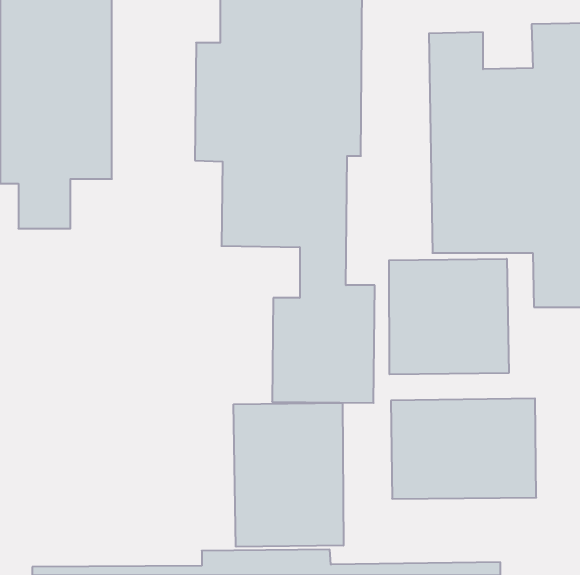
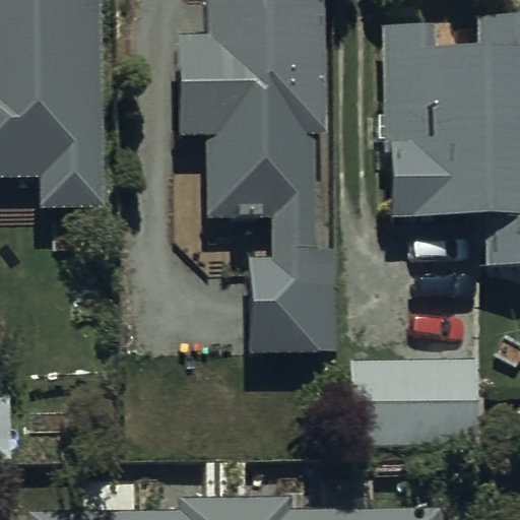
building: [389,259,509,374] -> none
building: [234,403,343,547] -> none

